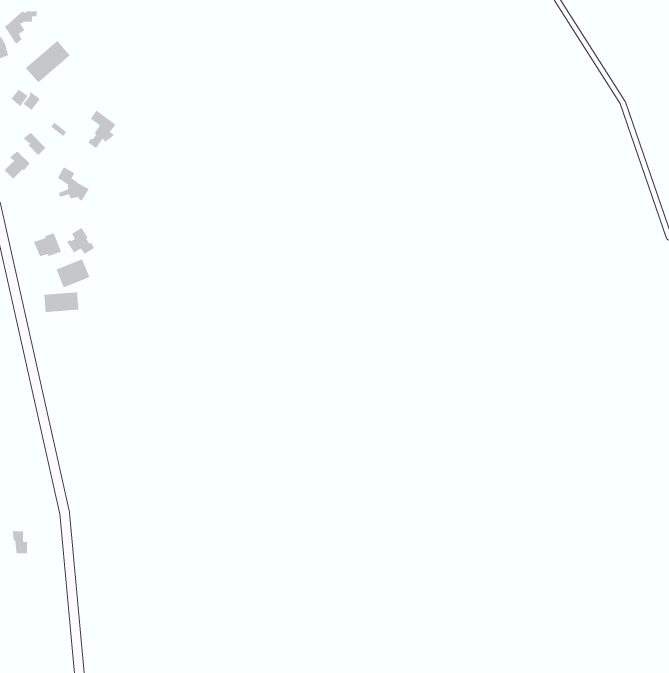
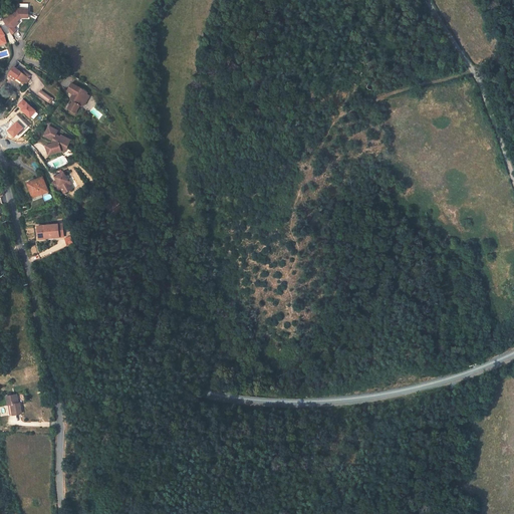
building: [25,40,71,83] -> none
building: [55,258,90,288] -> none

